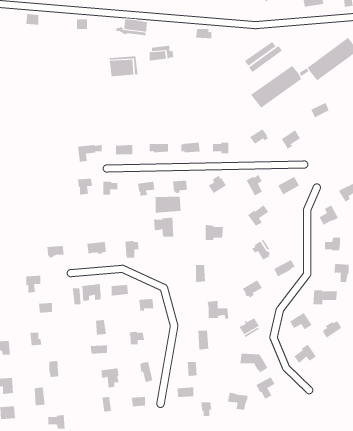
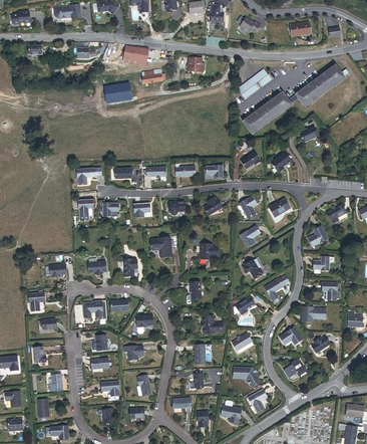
building: [155,196,181,214] -> none

